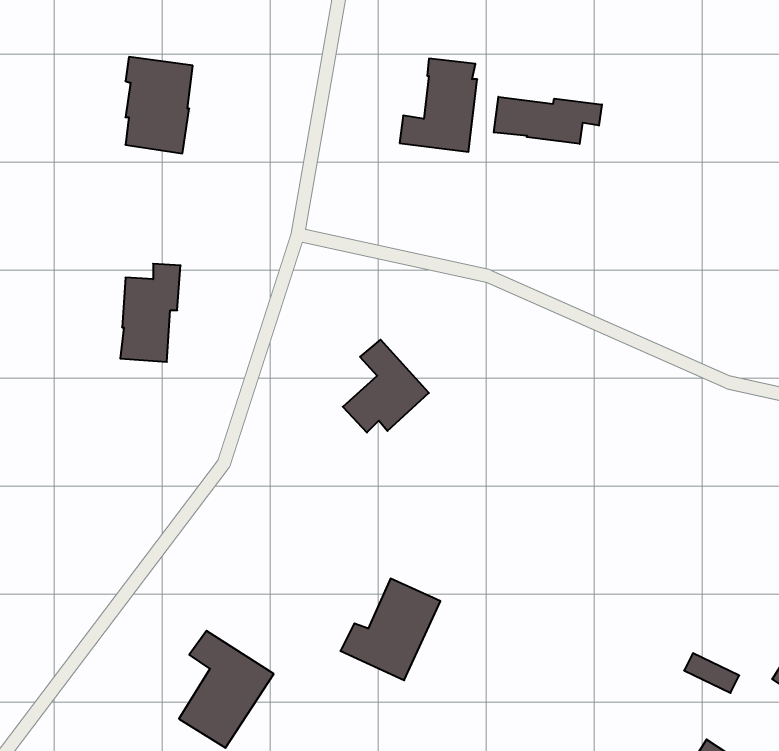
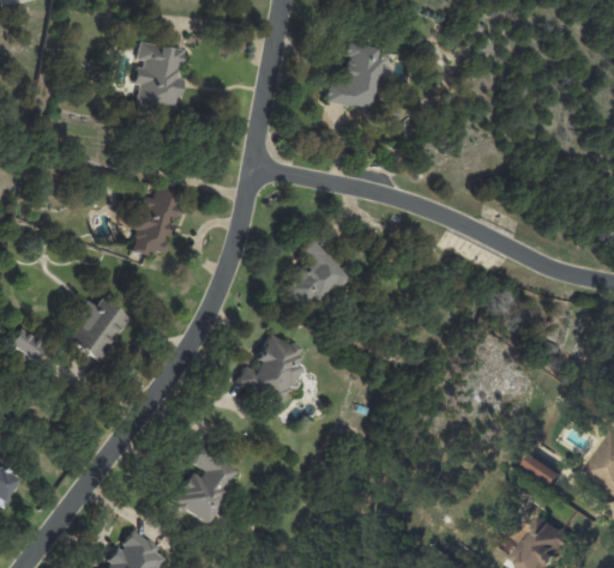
building: [494,97,602,144] -> none
building: none -> [70,298,130,361]
building: [340,579,440,680] -> [235,334,305,405]

